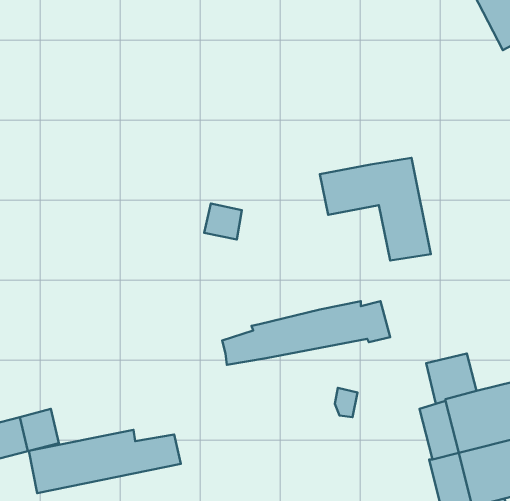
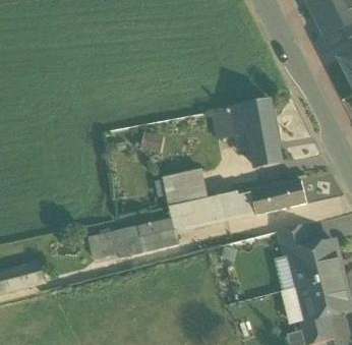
building: none -> [168,169,213,206]
building: none -> [250,179,306,215]
building: [29,430,181,493] -> [89,224,183,264]

